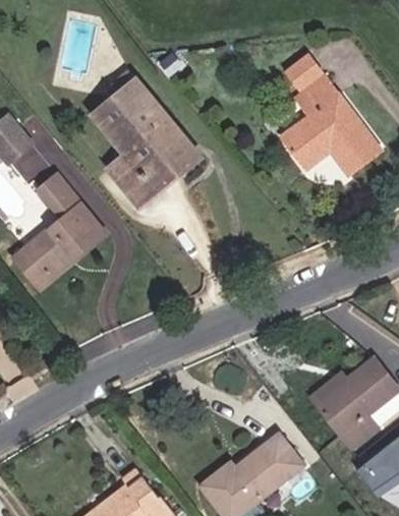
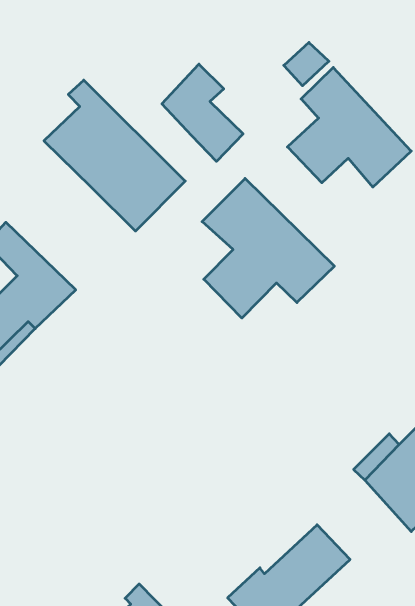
building: none -> [162,64,243,161]
building: [108,154,157,206] -> none
building: none -> [202,178,334,318]

